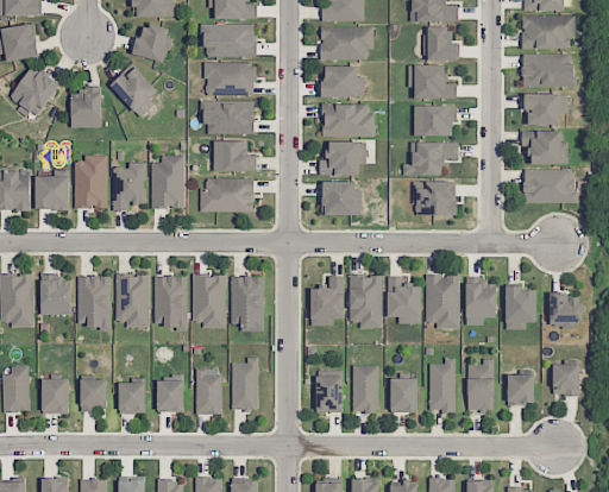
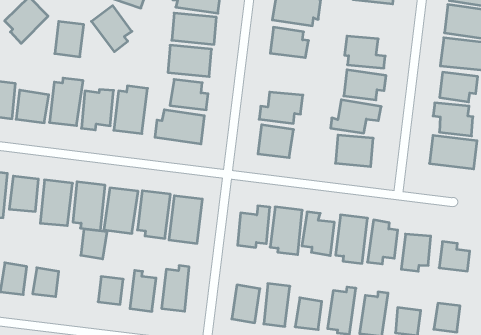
building: [425,26,459,61] -> none
building: [322,102,375,135] -> none
building: [119,381,146,414] -> [81,229,107,259]

